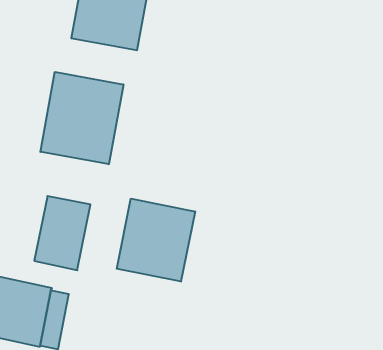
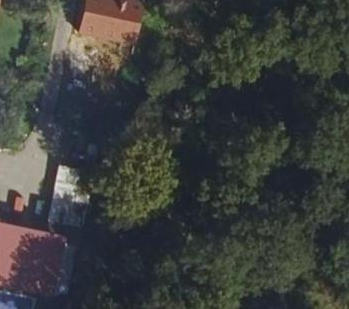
building: [40,72,123,164] -> none
building: [117,199,195,282] -> none

